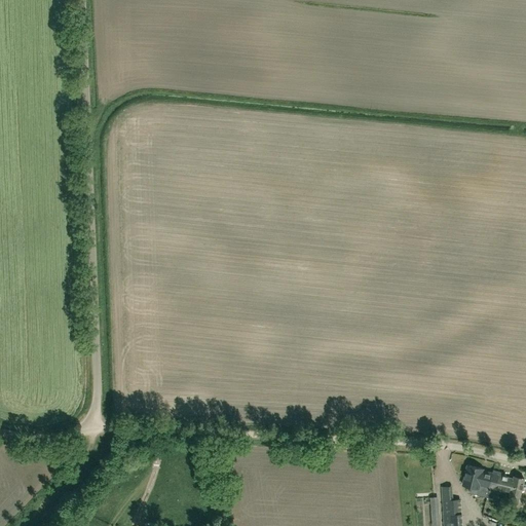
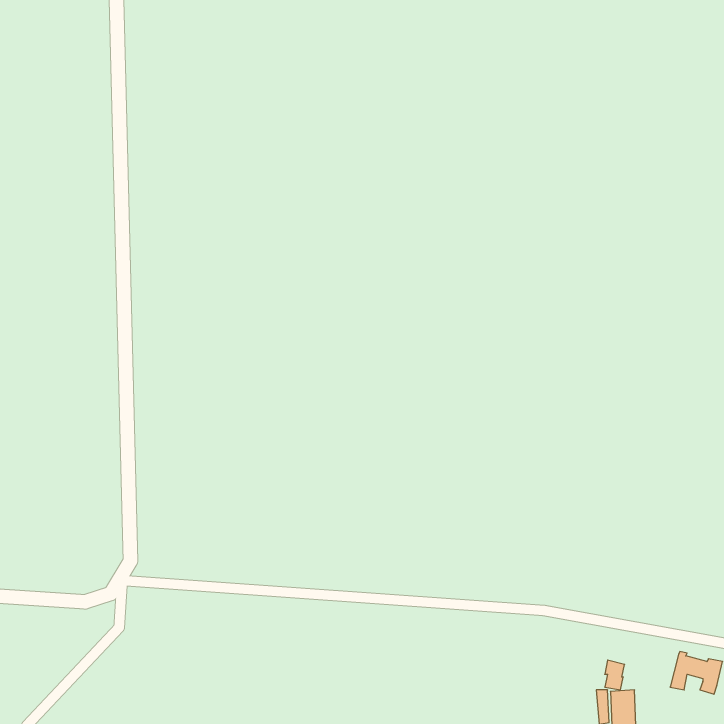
building: [462,466,491,490] -> none

